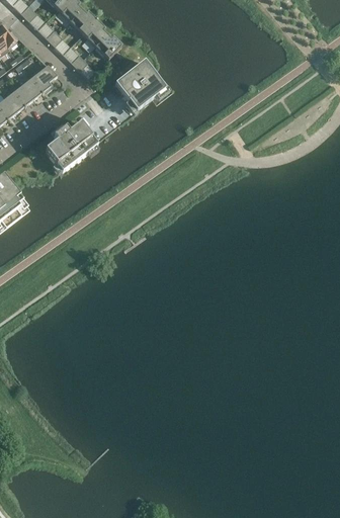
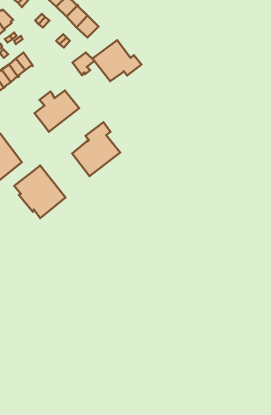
building: [30,65,57,92] -> [72,52,94,75]
building: none -> [72,122,120,176]
building: none -> [14,165,65,218]

